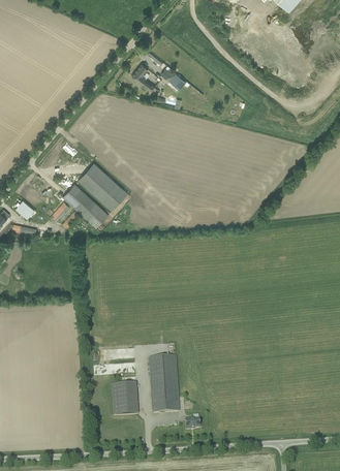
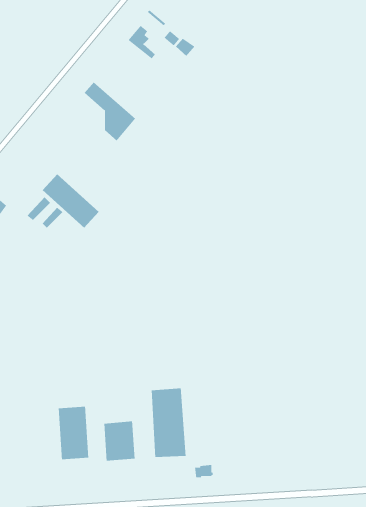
building: [85,162,127,211] -> [84,81,136,142]
building: none -> [58,406,89,460]

